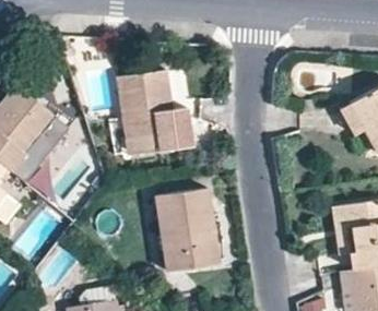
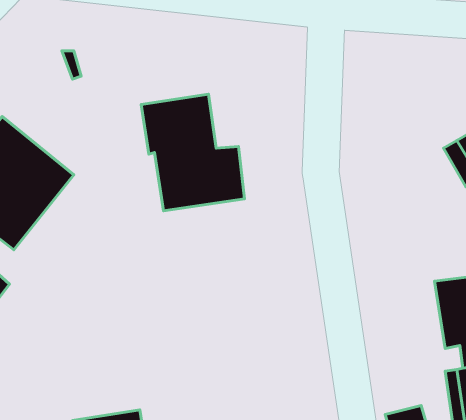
building: [157,187,226,271] -> none

